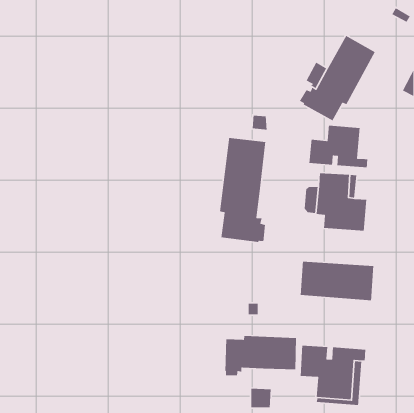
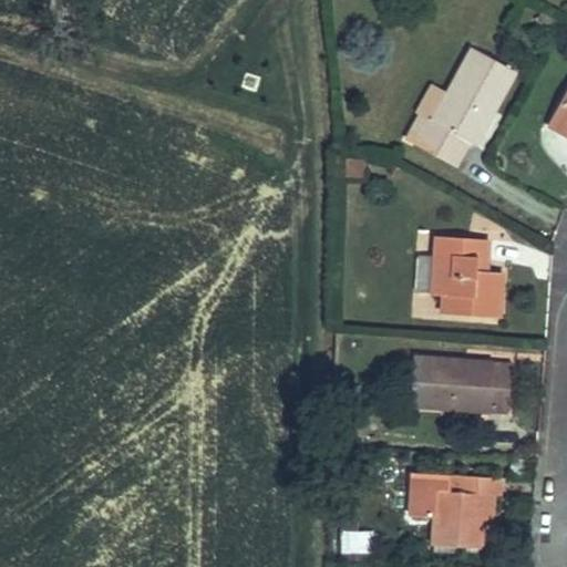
building: [308,125,368,168] -> none
building: [219,137,266,243] -> none
building: [224,335,297,376] -> none

